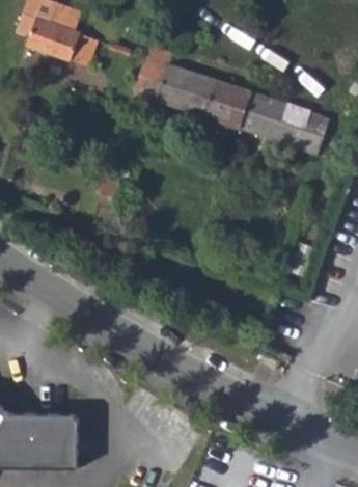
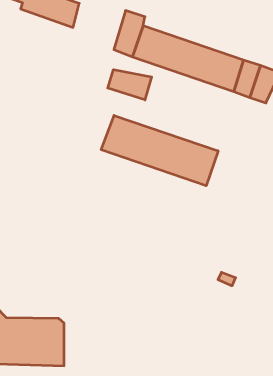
building: none -> [108,70,152,100]
building: none -> [101,115,218,186]

